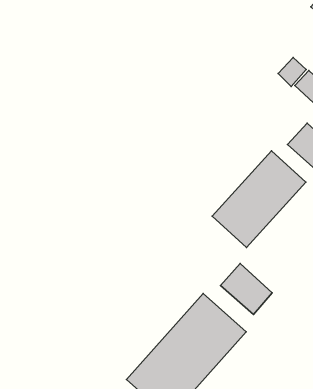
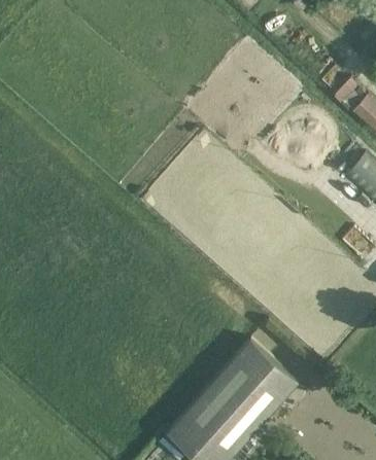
building: [212,151,306,247] -> none
building: [221,264,272,315] -> none

